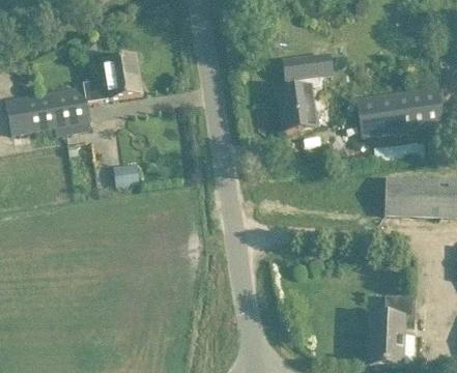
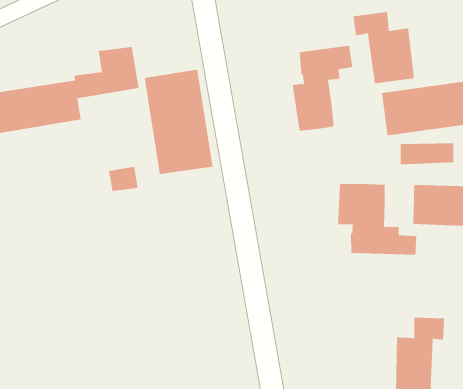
building: none -> [353,11,415,84]
building: none -> [144,69,213,175]
building: none -> [338,183,417,255]

